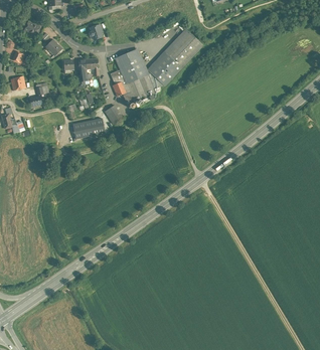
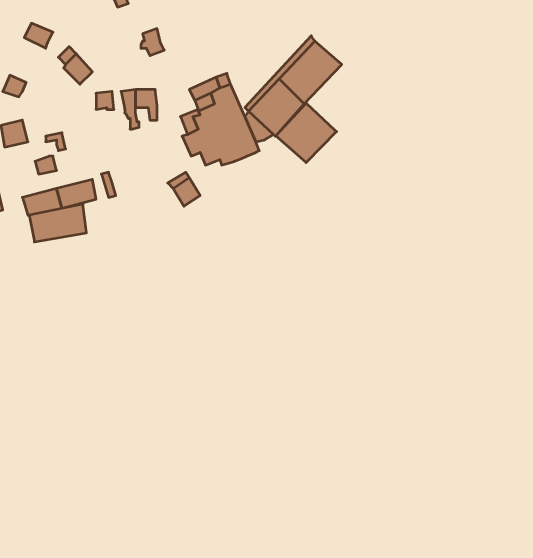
building: none -> [276,103,337,163]
building: [71,117,104,138] -> [29,204,86,242]

